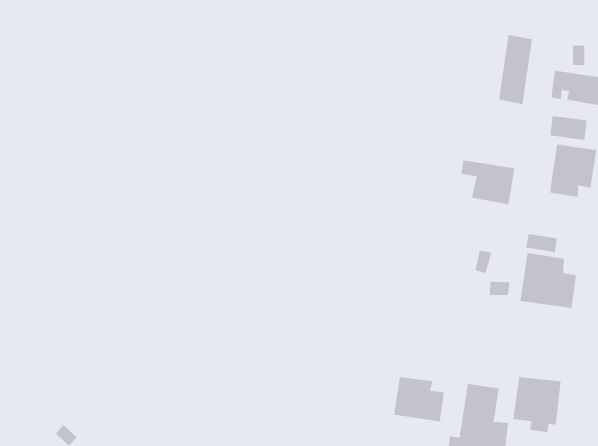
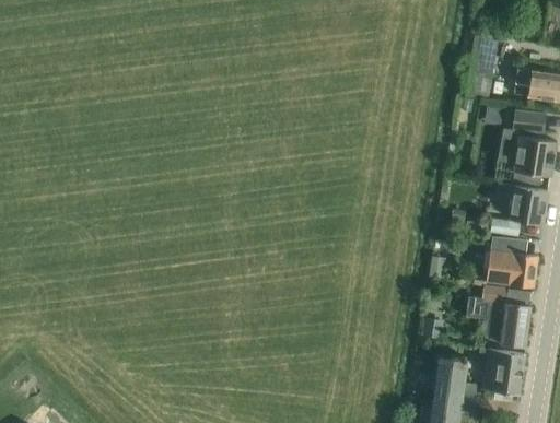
building: [460,160,515,205] -> [498,184,548,225]
building: none -> [481,286,530,348]
building: [394,376,445,422] -> none

